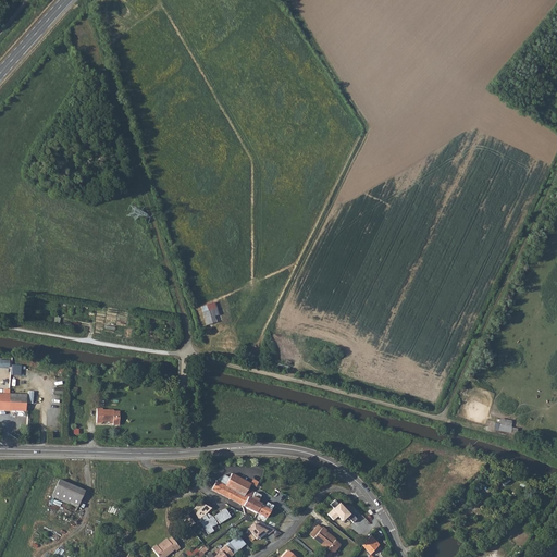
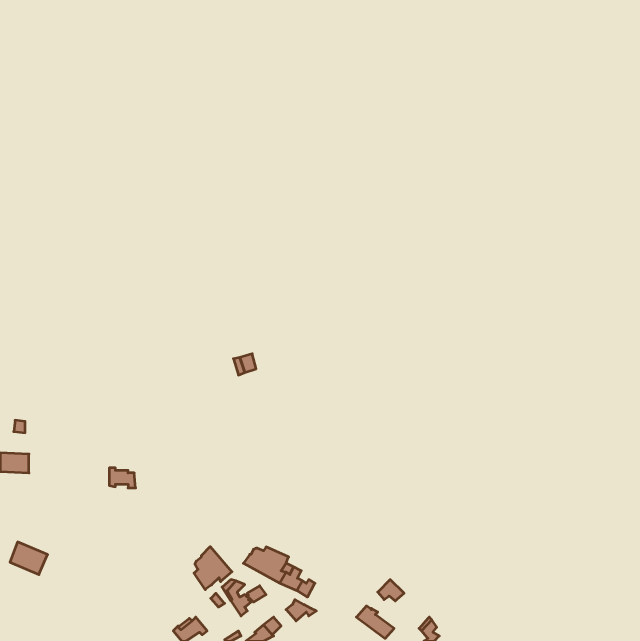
building: none -> [194,547,232,590]
building: [53,480,86,508] -> [10,542,48,575]

